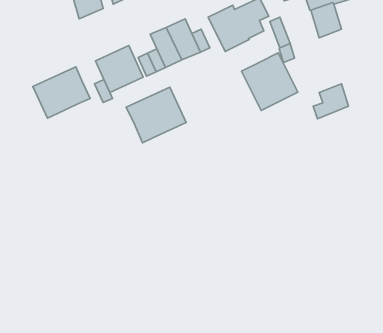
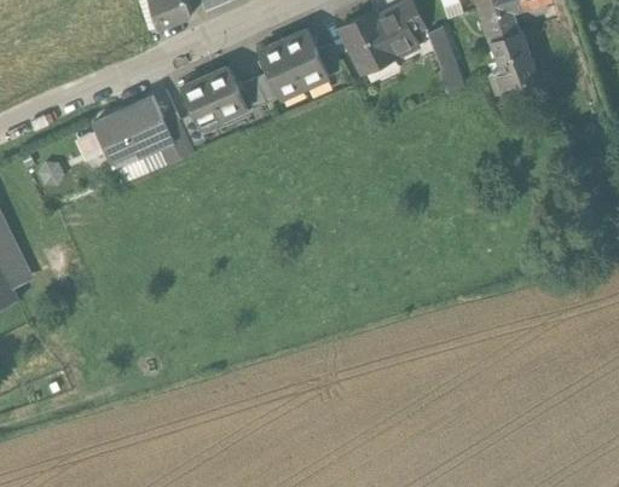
building: [242,53,298,111] -> none
building: none -> [158,112,192,164]
building: [313,84,348,119] -> [487,44,537,93]
building: [126,87,186,143] -> none

